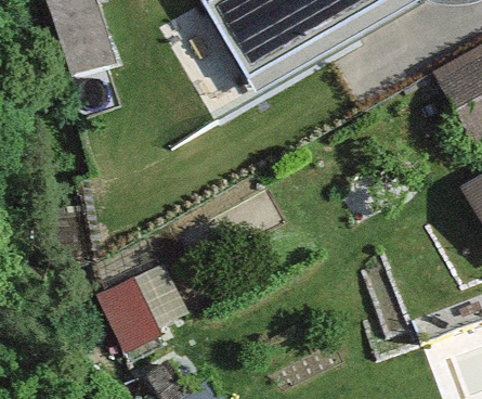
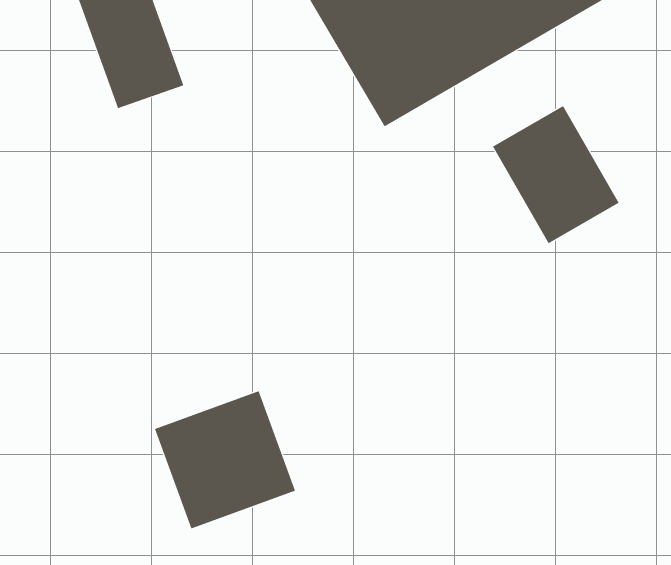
building: none -> [492,105,620,244]

